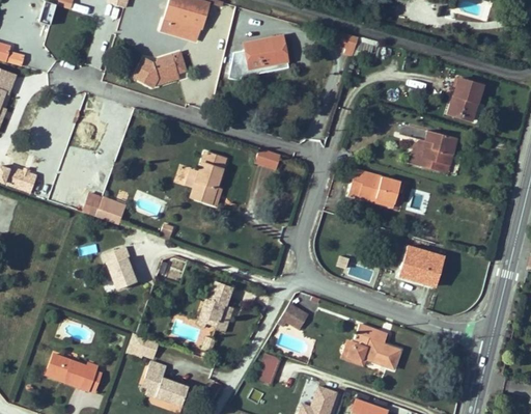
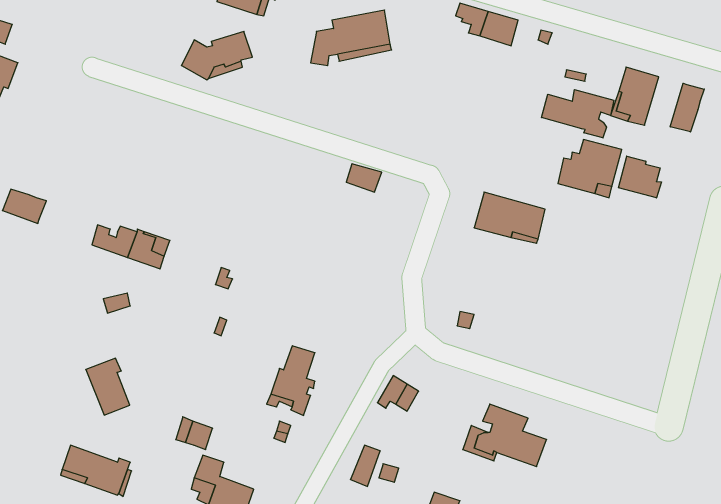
building: none -> [670,83,704,132]
building: none -> [542,90,614,138]
building: none -> [619,156,661,198]
building: [187,151,226,205] -> none
building: [398,246,445,286] -> none
building: [104,247,136,288] -> [86,358,130,415]

